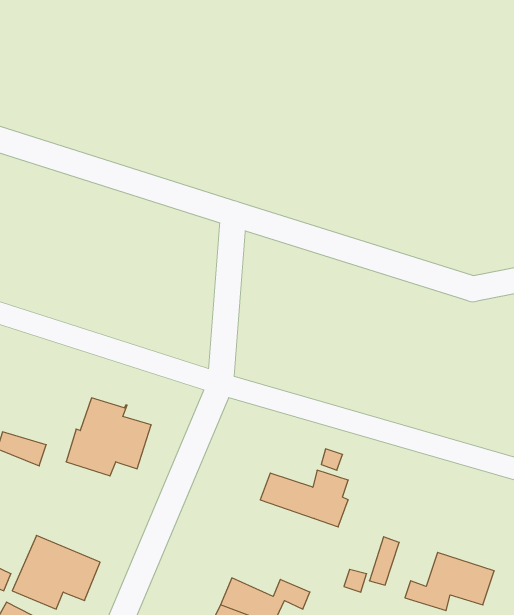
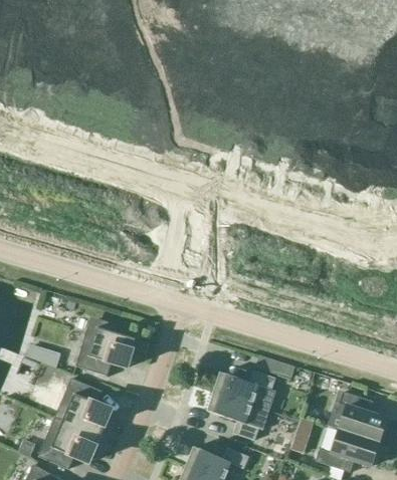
building: none -> [55,379,112,437]
building: none -> [208,393,259,441]
building: none -> [340,394,387,443]

